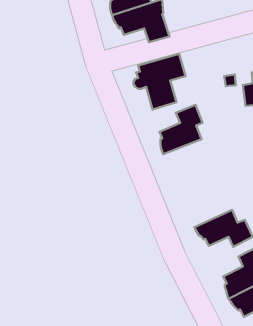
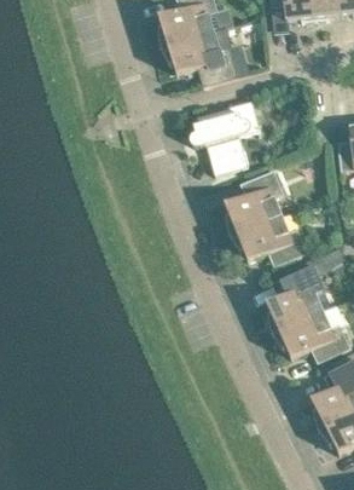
building: none -> [228,215,306,264]
building: none -> [265,266,323,334]

